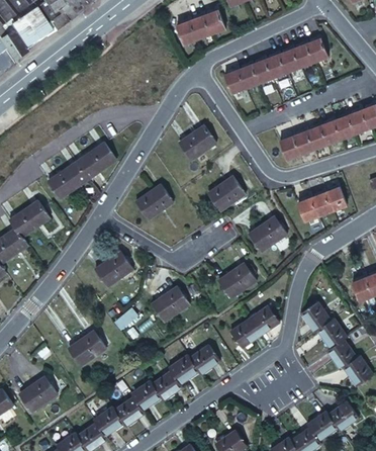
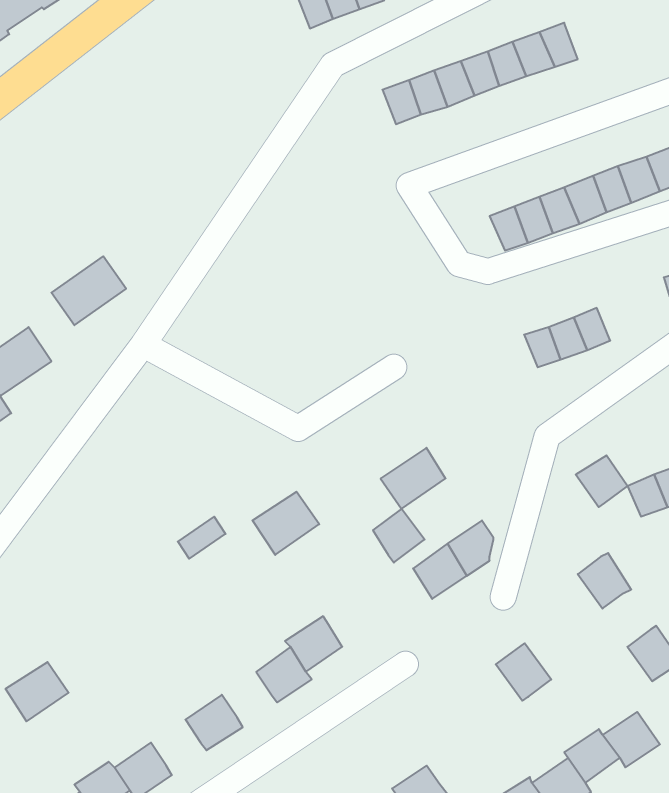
building: [179,126,213,159] -> none
building: [73,145,112,180] -> none
building: [207,177,244,210] -> none
building: [135,184,170,217] -> none
building: [247,216,283,251] -> none
building: [96,252,132,286] -> none
building: [308,305,336,333] -> [576,455,627,507]
building: [70,331,106,363] -> none
building: [333,341,362,371] -> [496,643,551,701]
building: [191,345,218,373] -> [373,509,425,563]
building: [132,379,162,407] -> none
building: [96,403,124,432] -> none

